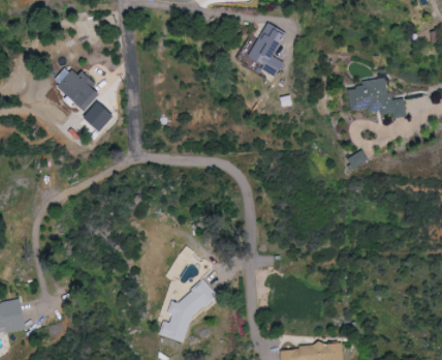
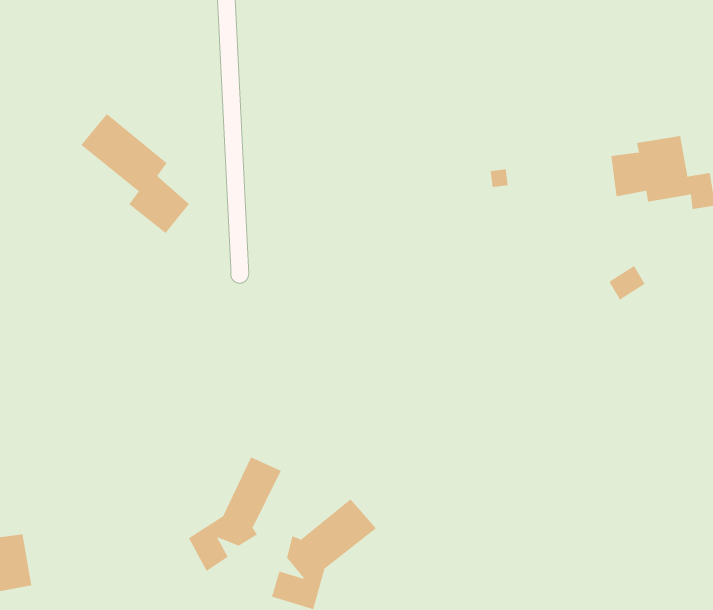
building: [249,23,285,78] -> none
building: none -> [188,457,281,572]

